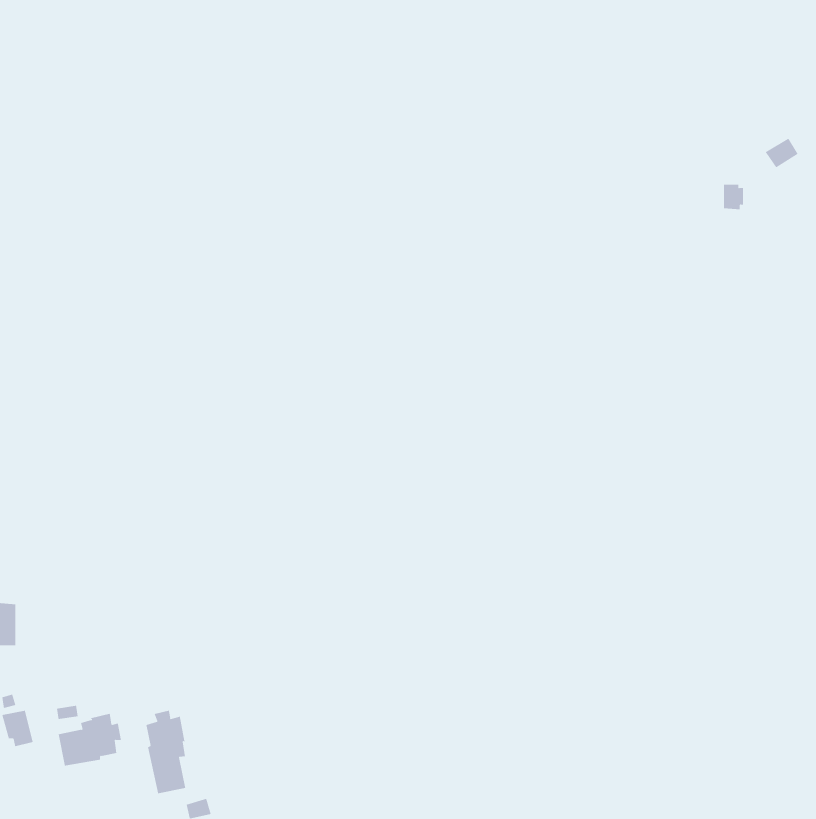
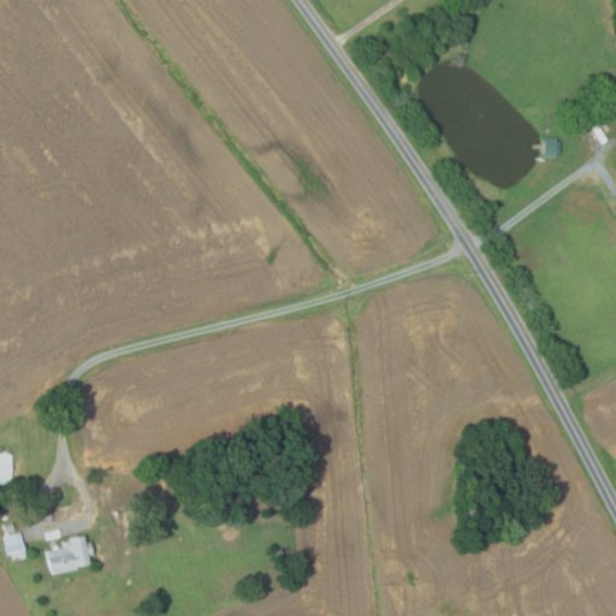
building: [146,710,186,794] -> none

